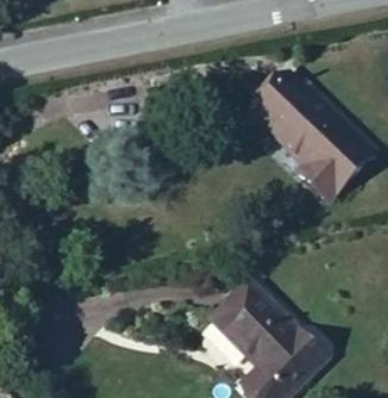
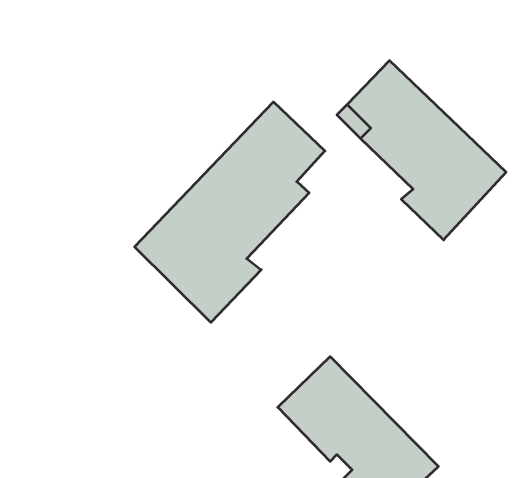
building: none -> [135,102,325,322]

